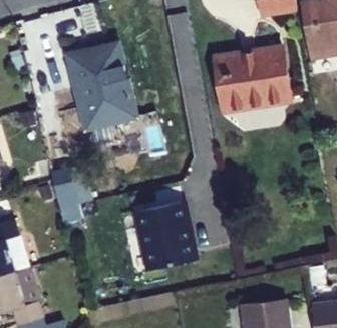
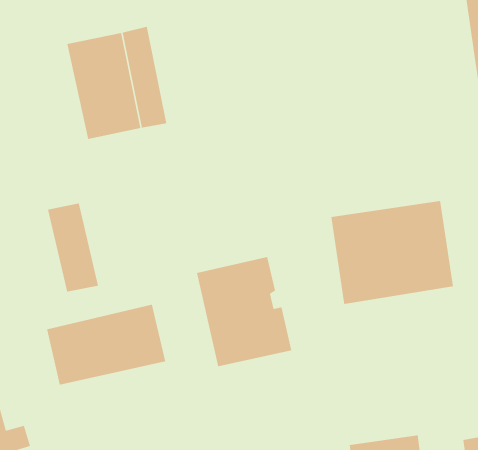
building: [214,50,290,114] -> [331,201,454,304]
building: none -> [47,304,166,386]

